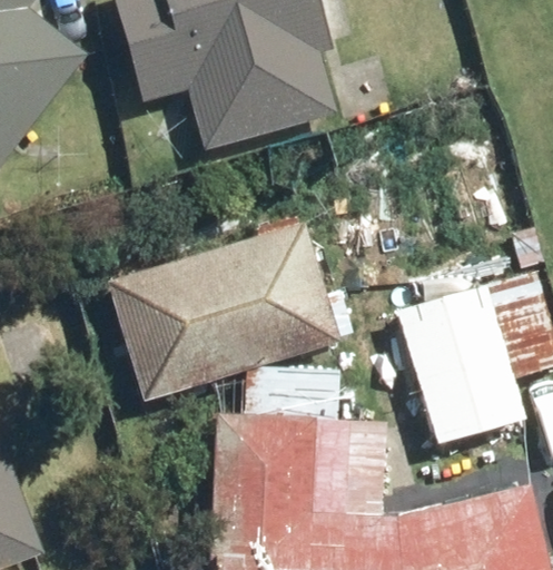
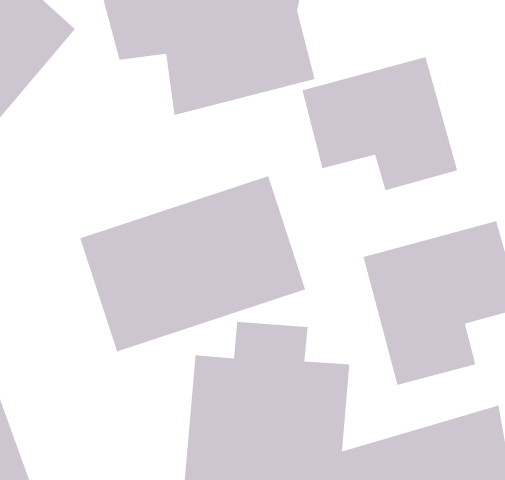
building: none -> [301,56,458,191]

